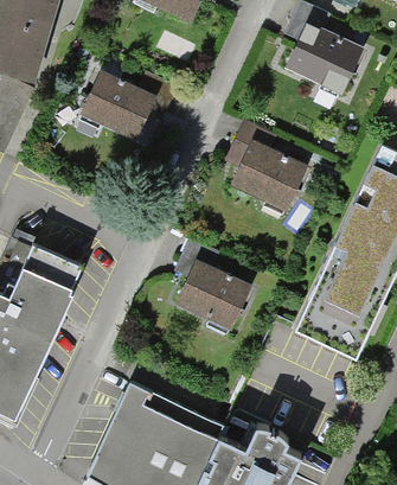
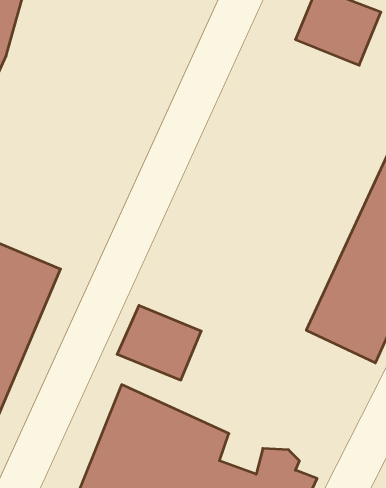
building: [79,64,160,142] -> none
building: [230,117,305,212] -> none
building: [175,262,249,327] -> [117,305,201,380]

